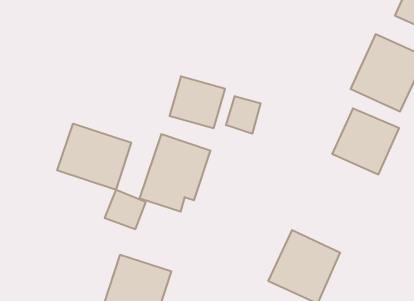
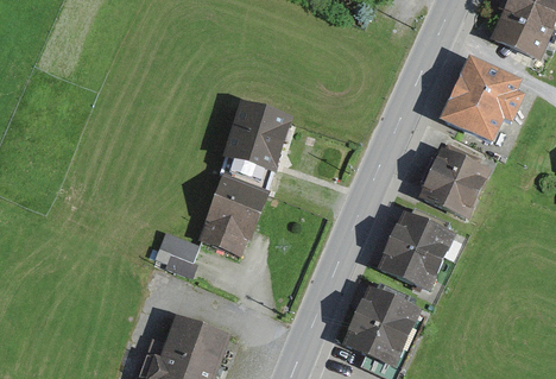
building: [226,96,261,134] -> none
building: [57,124,131,190] -> none
building: none -> [375,210,457,293]

